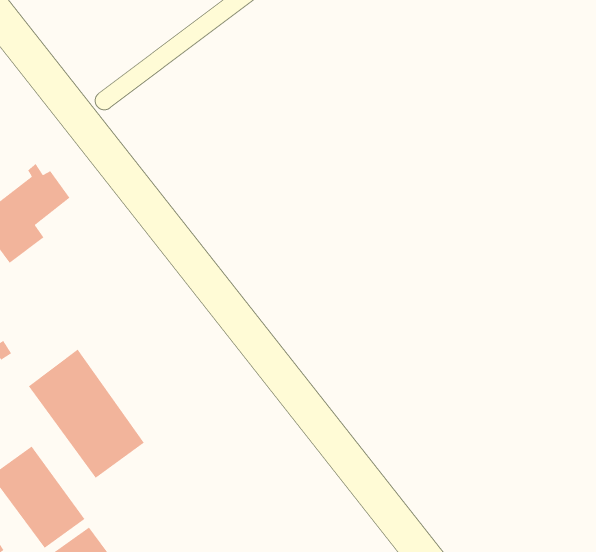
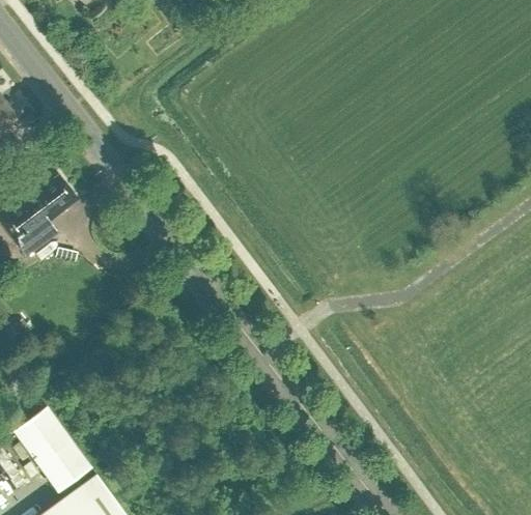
building: [28,349,145,479] -> none

